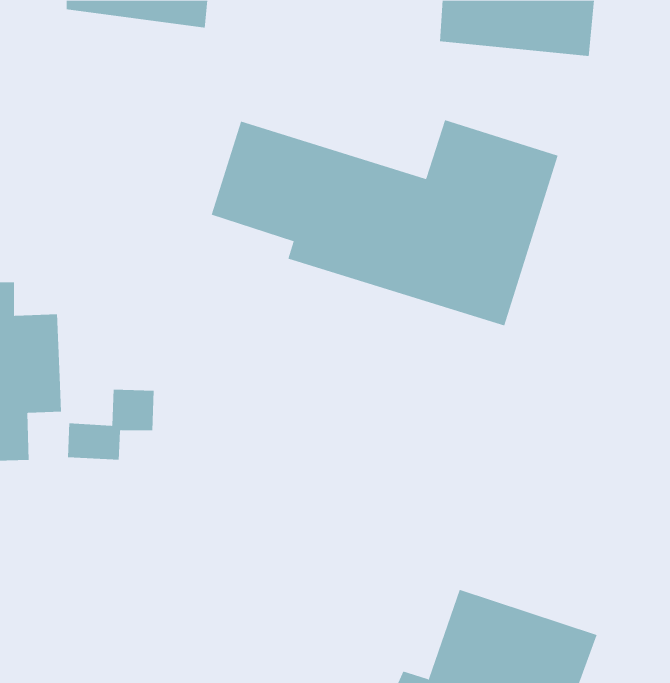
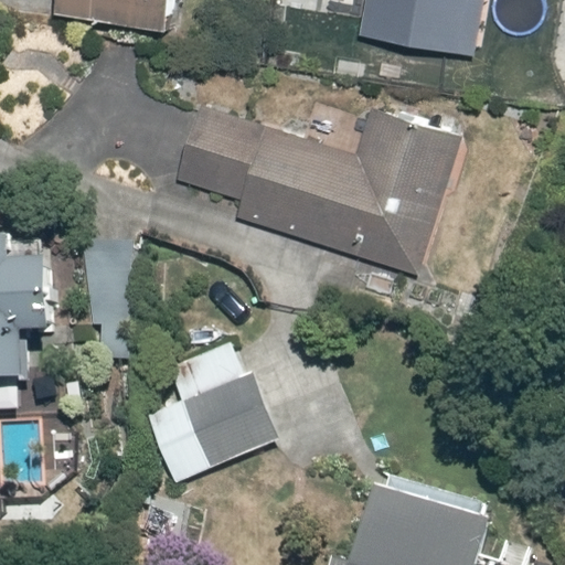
building: none -> [138,342,277,490]

